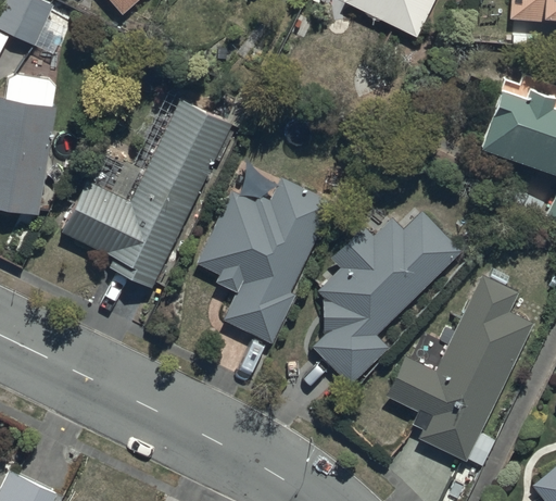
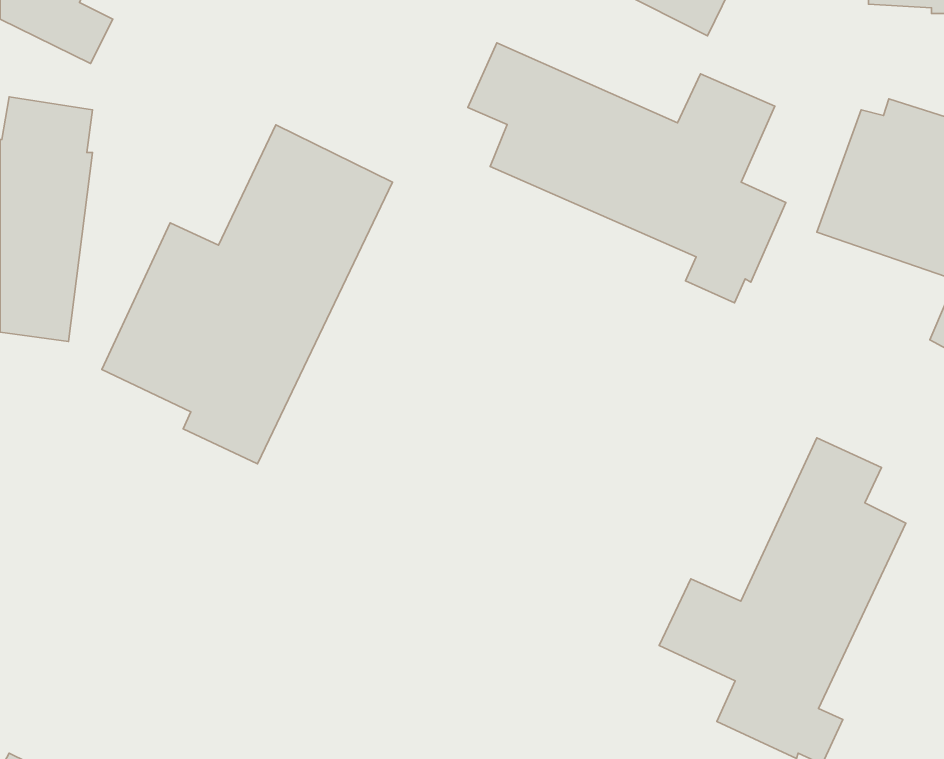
building: none -> [468,43,786,303]
building: [199,177,333,342] -> none
building: [314,211,462,384] -> none

